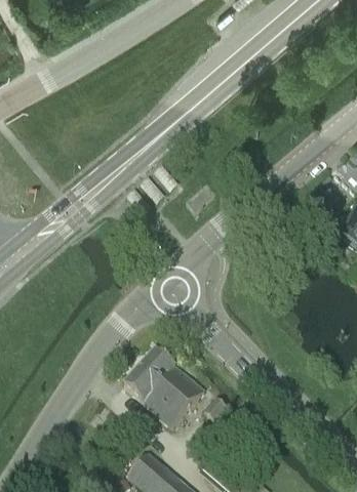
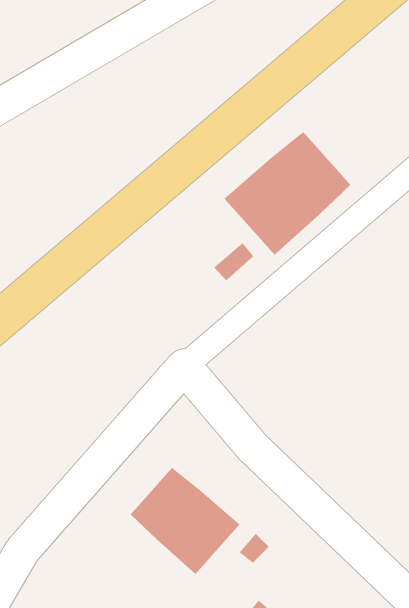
building: none -> [223,131,351,256]

